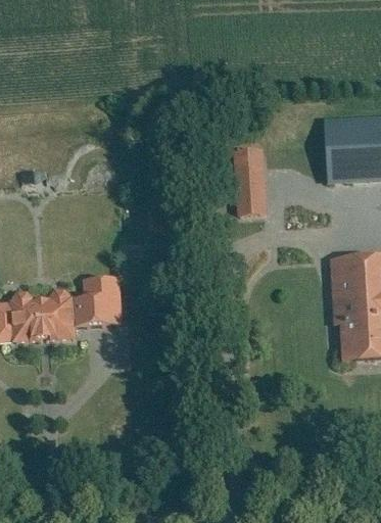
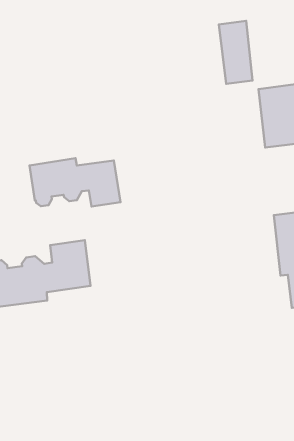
building: [235,148,269,217] -> [219,21,253,84]
building: none -> [30,158,120,206]

